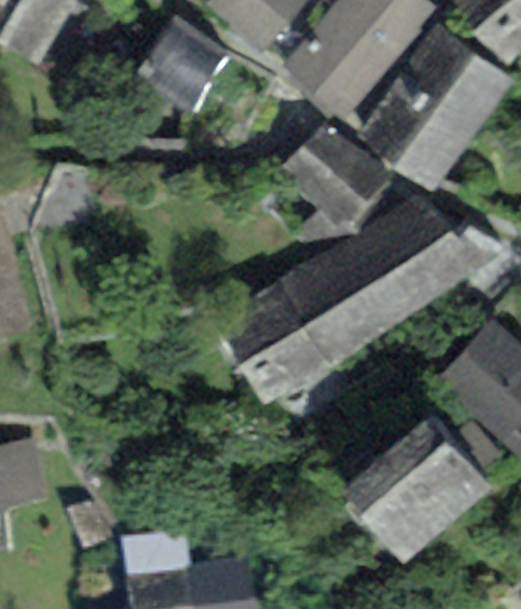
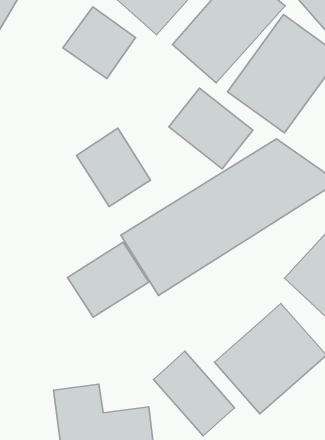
building: none -> [76,128,151,206]
building: none -> [68,242,149,317]
building: none -> [154,351,235,436]

